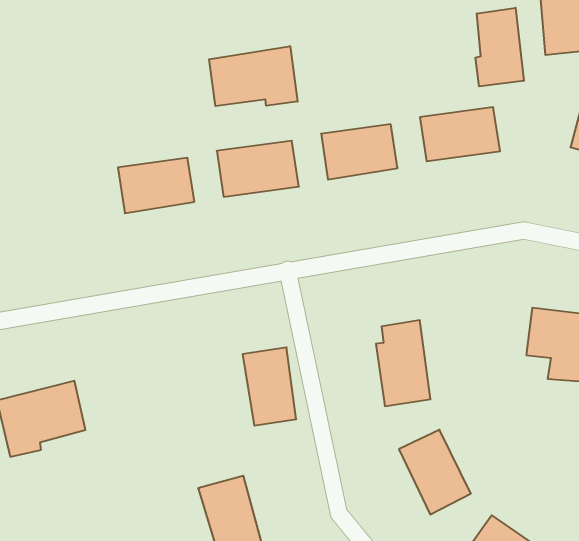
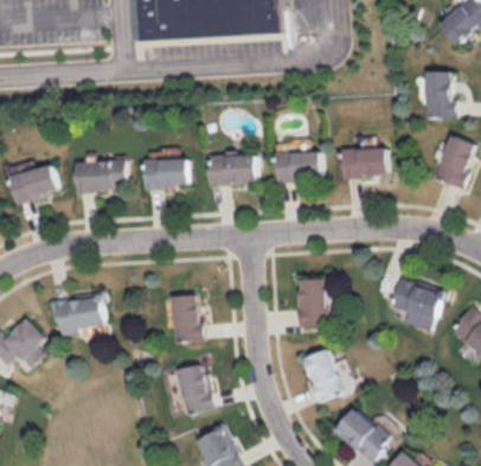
building: [475,8,524,86] -> none
building: [209,46,298,106] -> none
building: none -> [76,160,129,193]
building: [243,347,296,426] -> [169,294,199,341]

